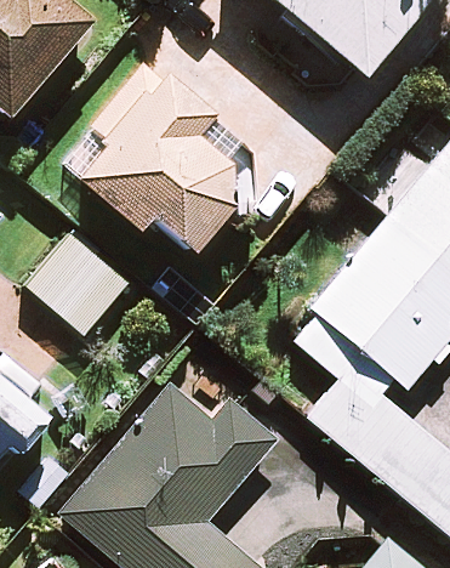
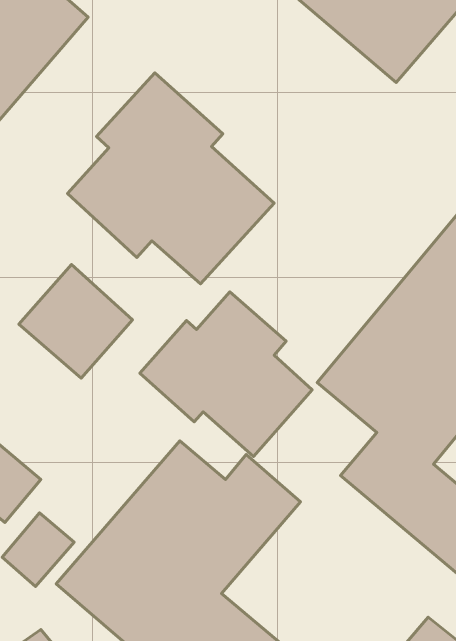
building: none -> [140,292,312,456]

